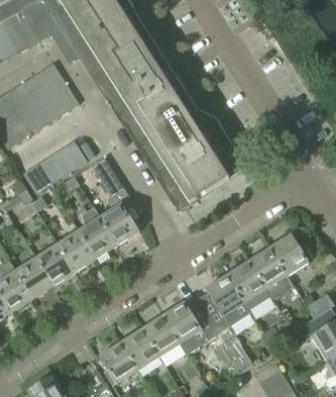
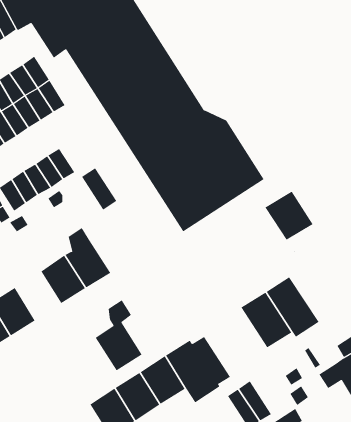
building: [99,184,139,244] -> [95,299,143,371]
building: [267,233,309,286] -> [265,191,314,253]
building: [36,243,75,285] -> none
building: [196,274,250,332] -> none

